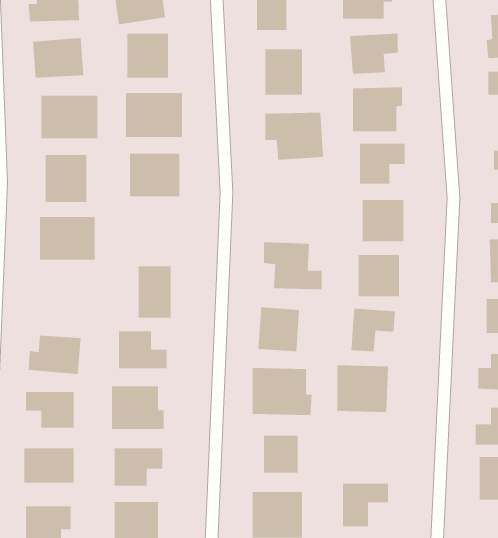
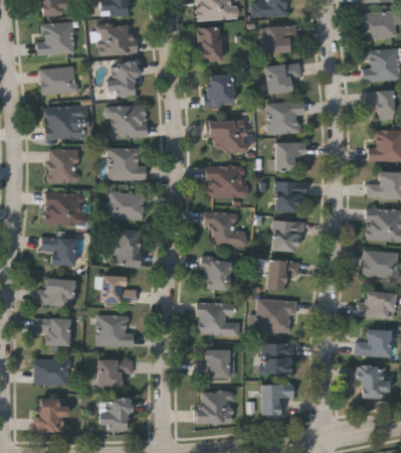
building: none -> [207,166,248,198]
building: none -> [110,194,145,219]
building: none -> [41,238,77,266]
building: none -> [263,343,292,373]

